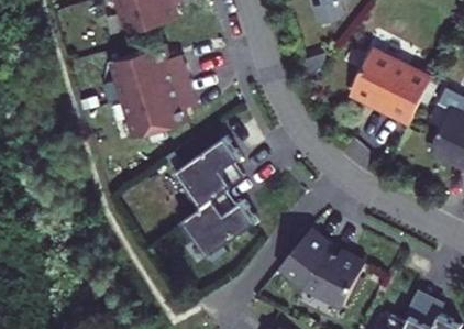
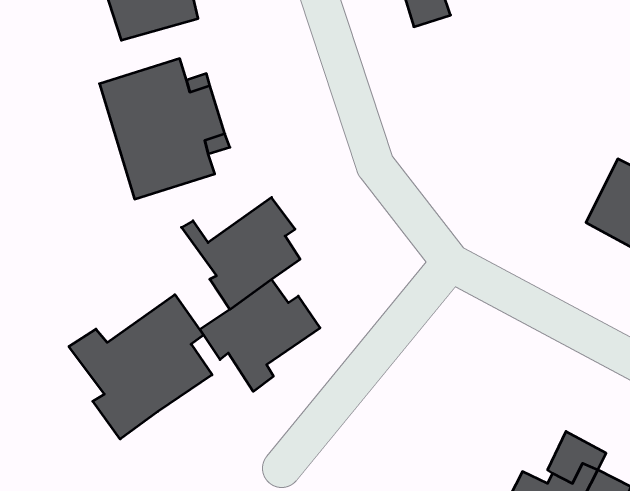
building: [349,46,432,124] -> none
building: none -> [69,295,212,439]
building: [280,229,365,306] -> none

